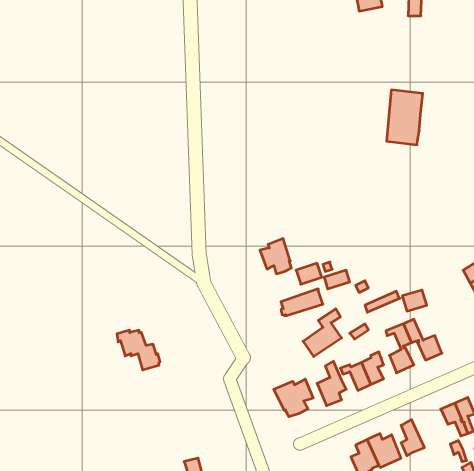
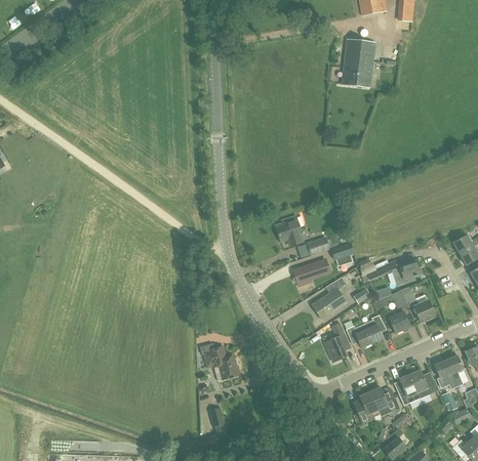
building: [387,90,423,145] -> [342,38,373,86]
building: [117,330,160,370] -> [200,343,238,378]
building: [274,379,313,417] -> none
building: none -> [407,368,436,397]

